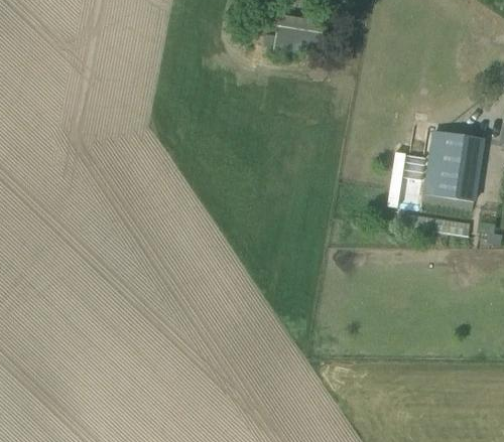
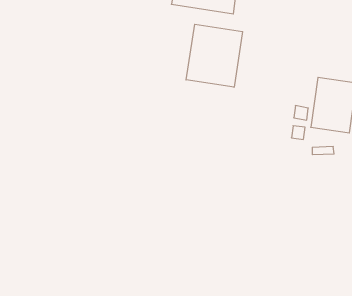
building: none -> [186,24,243,87]

